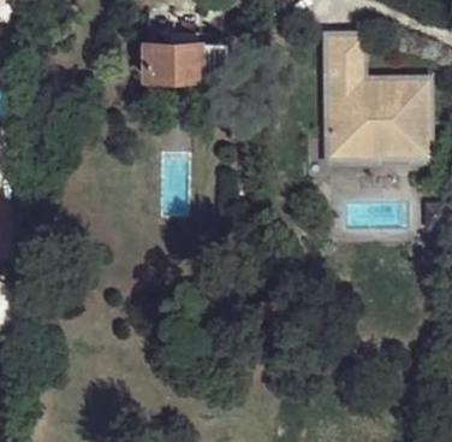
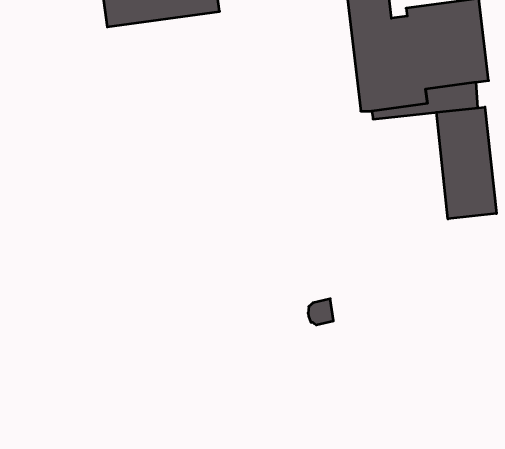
building: none -> [436,107,496,219]

